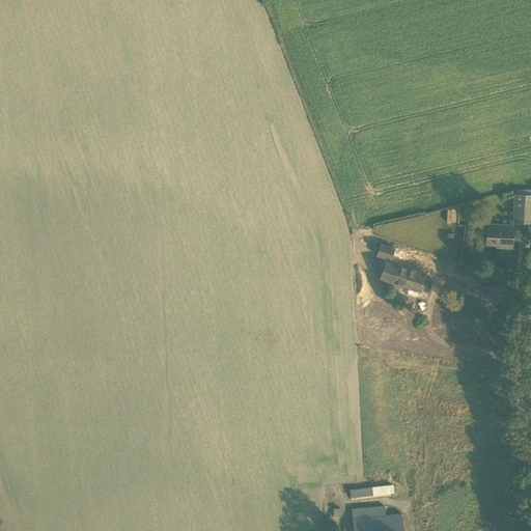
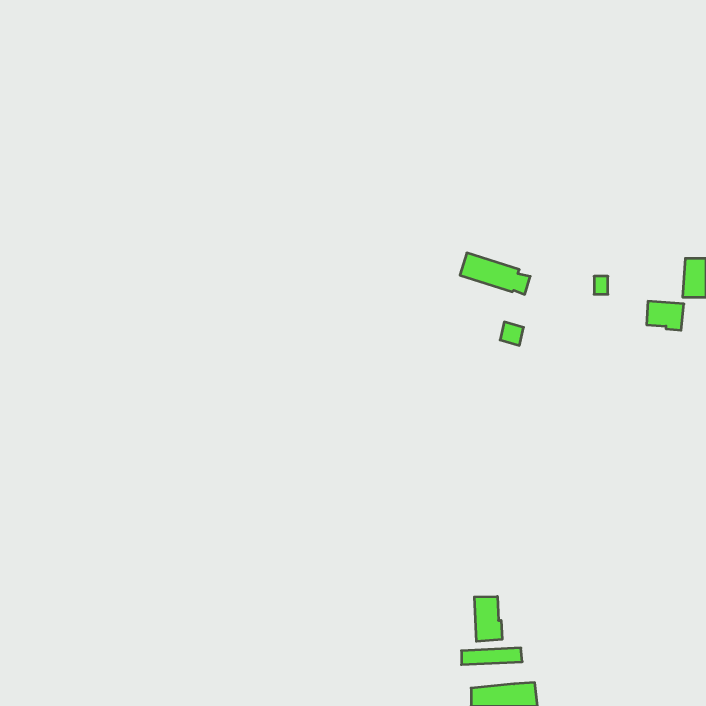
building: [380,261,432,292] -> [460,253,530,294]
building: none -> [474,596,502,641]

